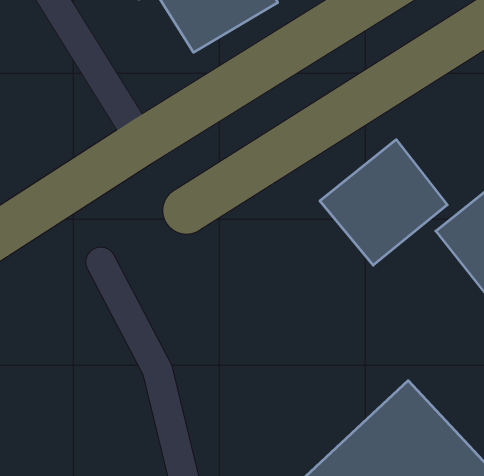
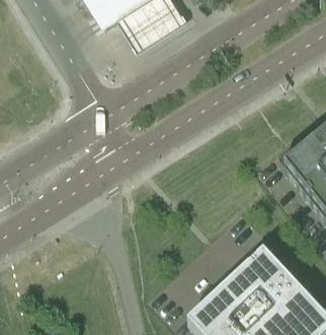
building: [320,140,447,265] -> none

